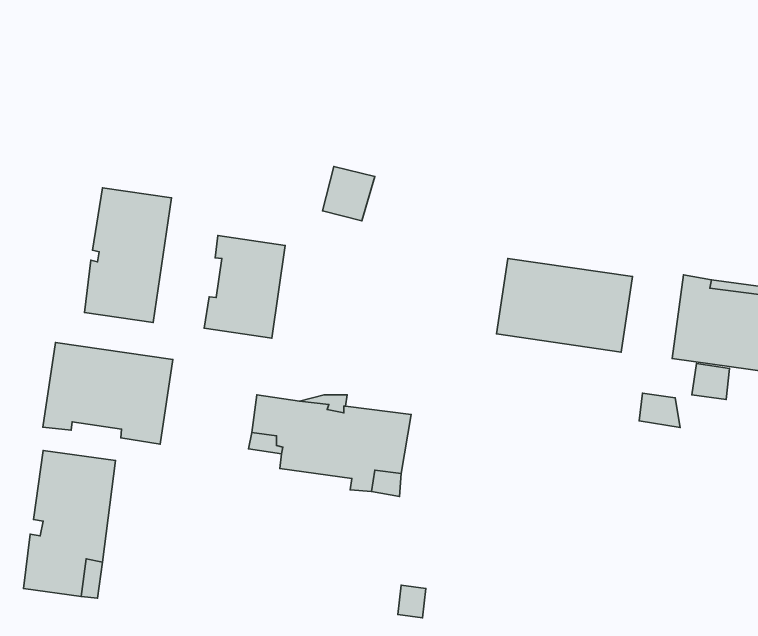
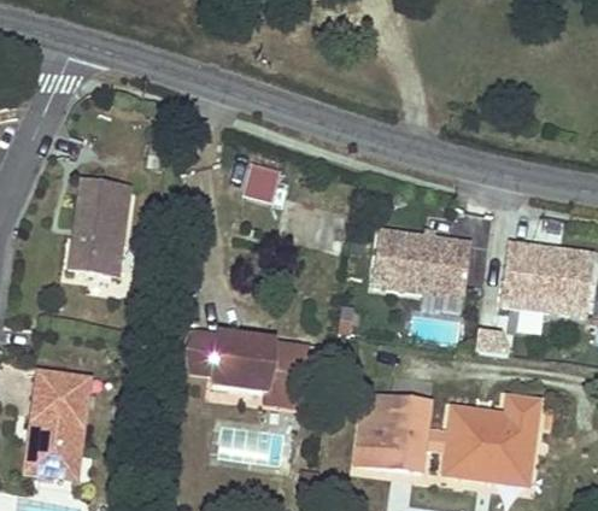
building: [204,235,285,338] -> none
building: [43,342,173,444] -> none
building: none -> [357,392,537,483]

